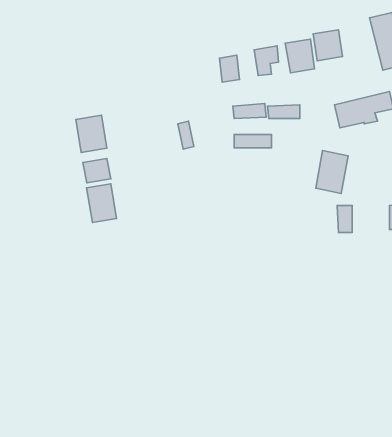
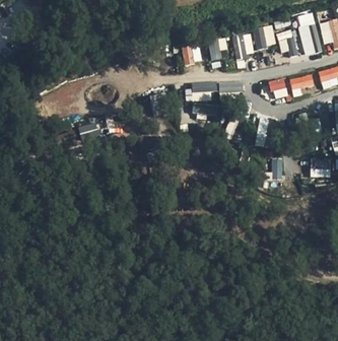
building: none -> [276,29,298,58]
building: [76,115,107,152] -> none
building: [87,184,117,222] -> none

